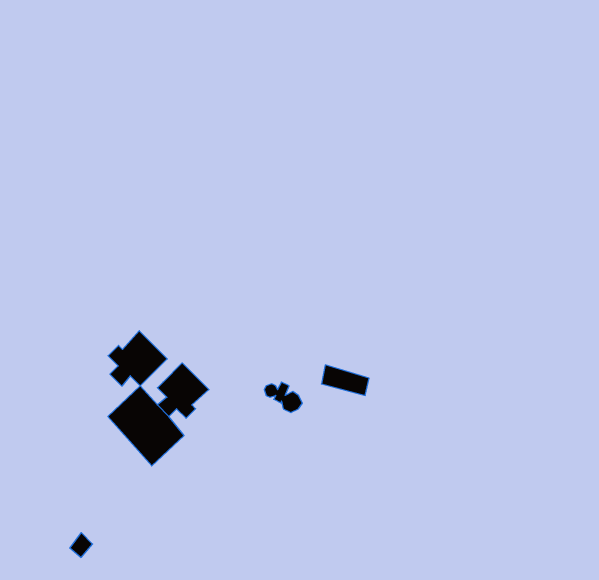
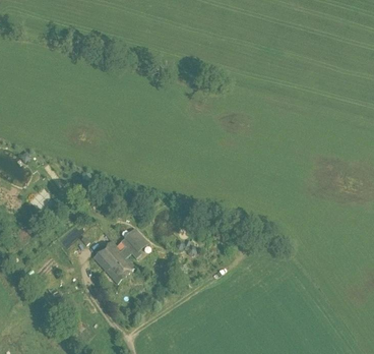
building: [108,331,167,386] -> none

